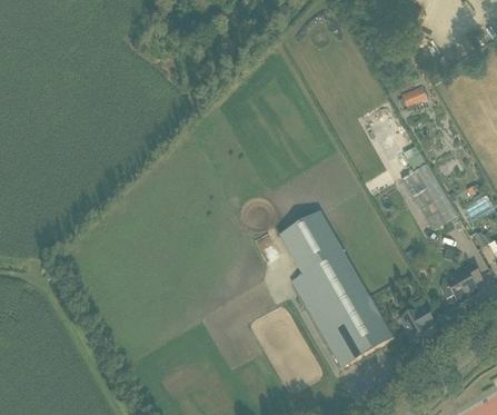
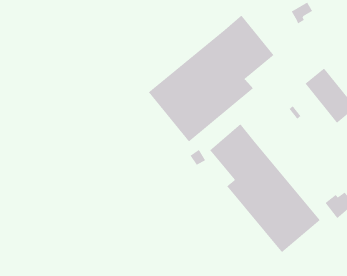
building: none -> [148,14,274,142]

